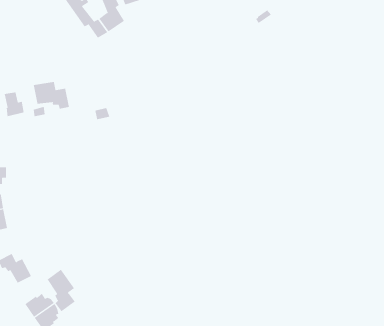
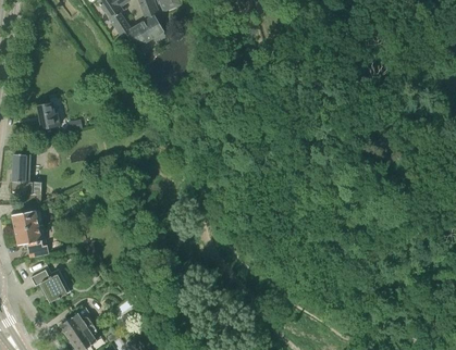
building: [33,81,69,110] -> none
building: [47,269,75,312] -> none

